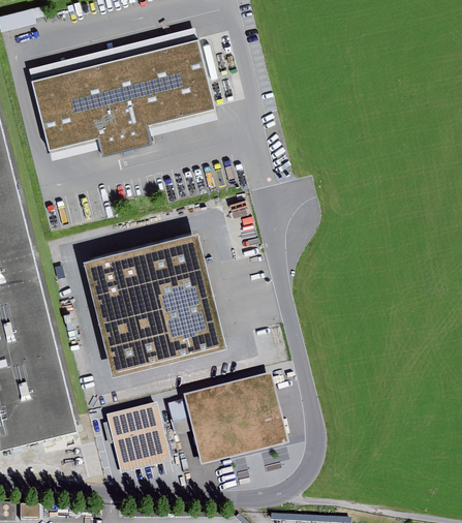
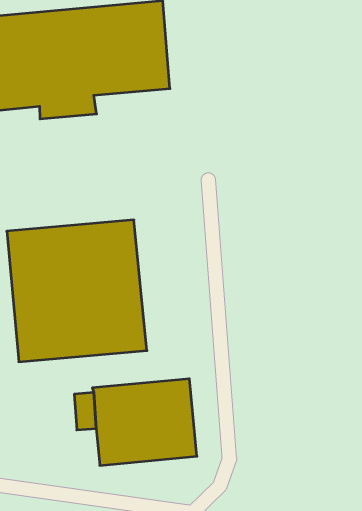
building: [102,401,167,472] -> none

